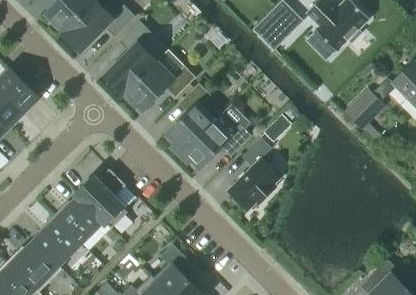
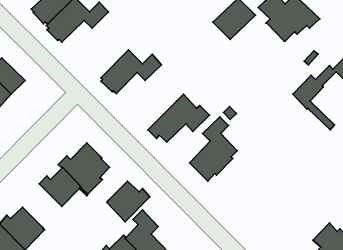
building: [104,23,156,95] -> none
building: [166,85,211,154] -> none
building: none -> [107,181,150,222]
building: [34,216,79,266] -> none

